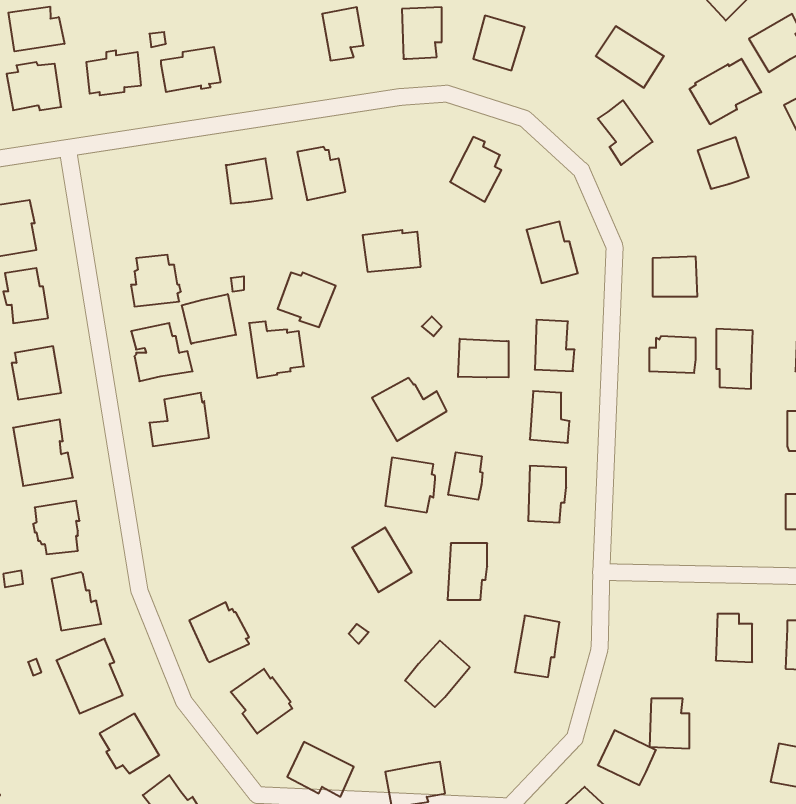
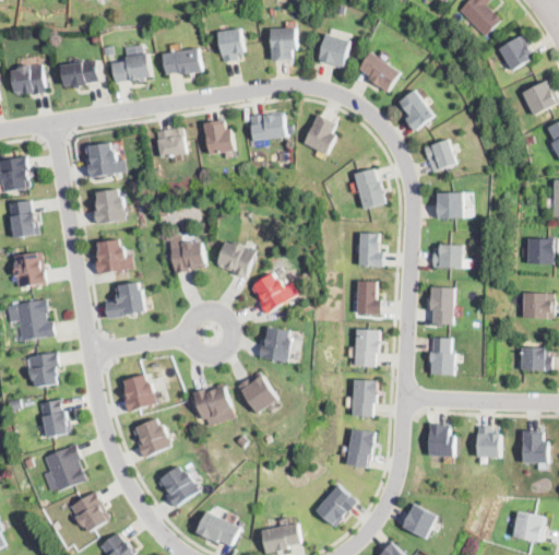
building: [8,7,64,51] -> none
building: [596,26,664,88] -> [356,52,401,93]
building: none -> [162,49,202,76]
building: [690,59,761,124] -> none
building: [698,137,749,189] -> [424,139,457,173]
building: none -> [84,141,124,175]
building: [363,230,421,272] -> [247,114,285,141]
building: [278,272,336,327] -> [217,240,255,276]
building: [182,294,236,344] -> none
building: [716,329,753,389] -> [430,285,454,324]
building: [458,339,509,378] -> none
building: [448,452,483,500] -> none
building: none -> [429,338,454,376]
building: none -> [122,373,154,410]
building: [447,543,487,600] -> [349,380,376,417]
building: none -> [192,385,234,425]
building: [405,641,470,707] -> [313,485,356,529]
building: [650,699,689,748] -> [427,425,453,458]

